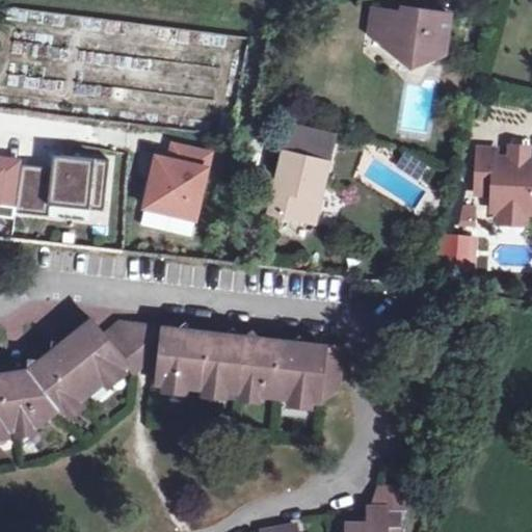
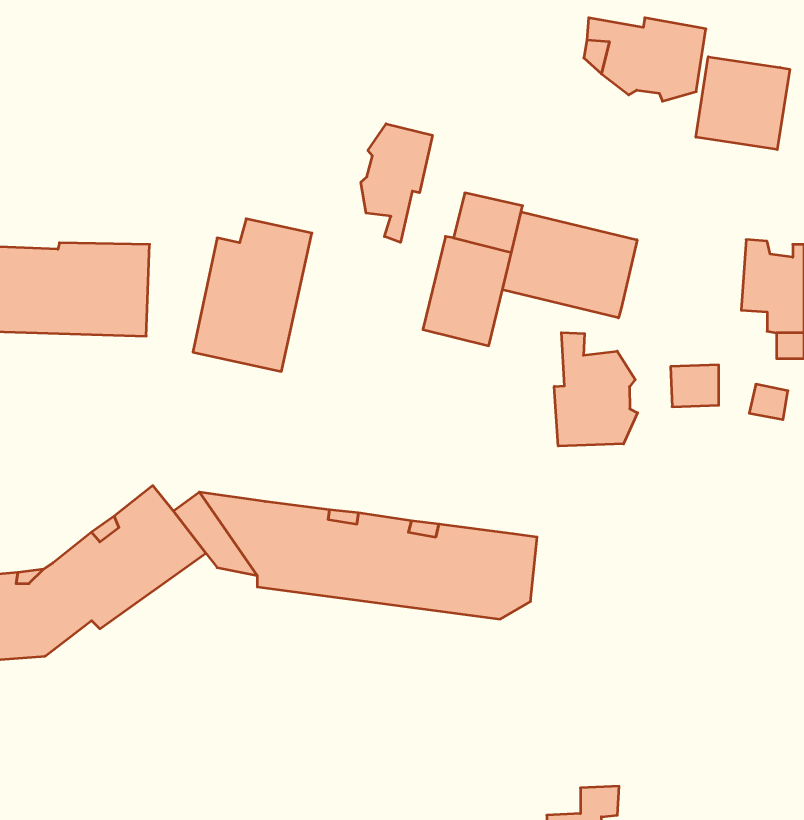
building: none -> [696,57,790,150]
building: none -> [361,124,432,242]
building: none -> [503,212,637,318]
building: none -> [554,333,638,446]

